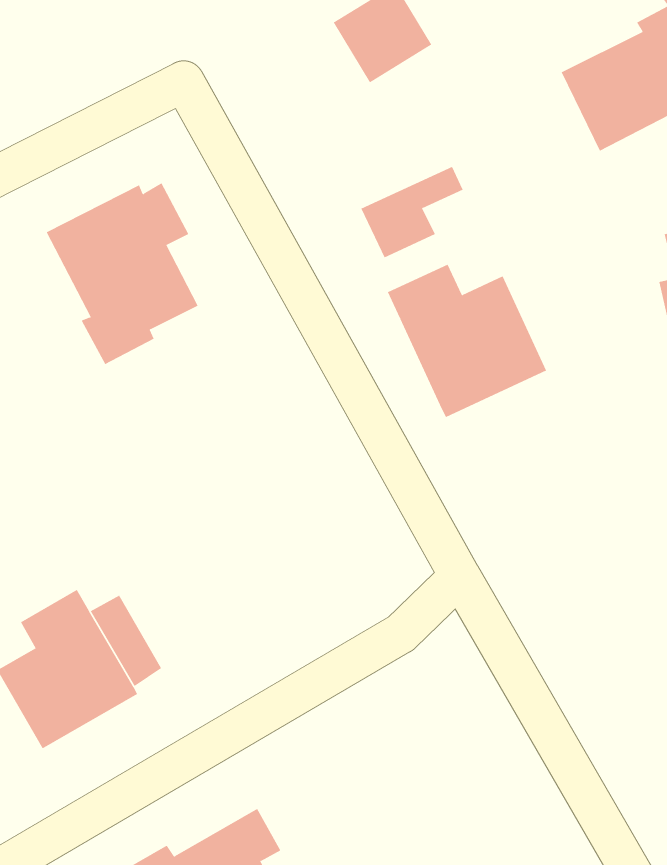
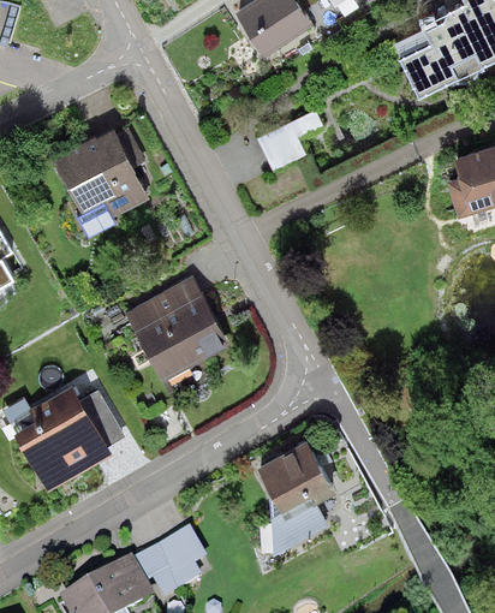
building: [387,264,547,418] -> none
building: none -> [127,276,228,376]
building: none -> [257,436,332,553]

